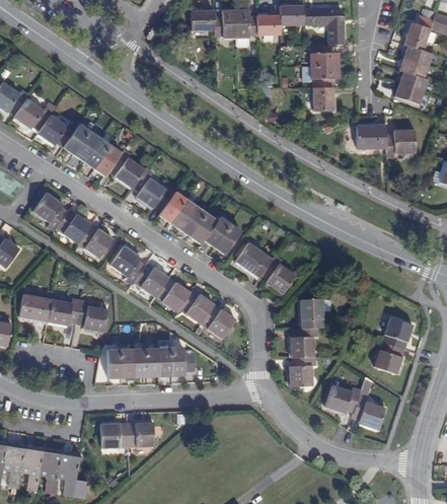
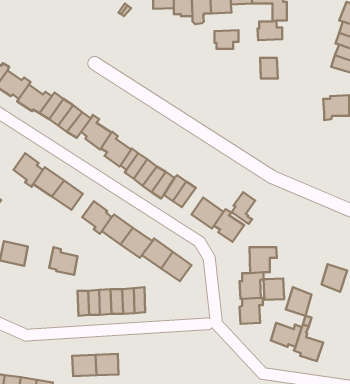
building: [312,63,340,84] -> [215,30,239,49]
building: [358,123,387,146] -> none
building: none -> [232,192,255,224]
building: [46,299,79,325] -> none
building: none -> [264,279,284,300]
building: [376,343,405,375] -> [286,287,312,316]

